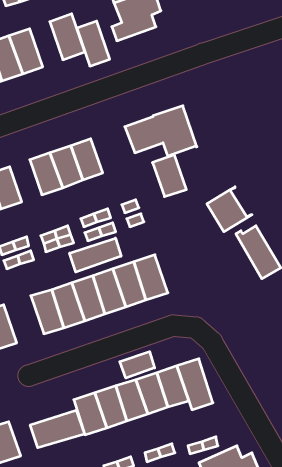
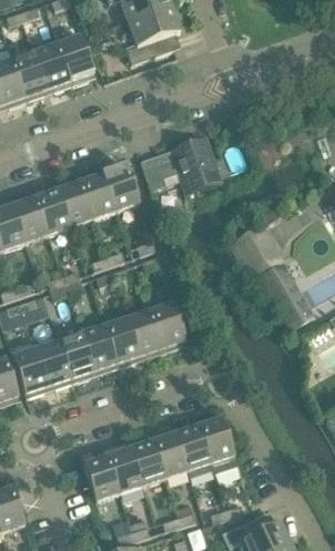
building: [77,21,110,66] -> [34,42,71,92]
building: [152,155,186,197] -> [102,163,140,210]
building: none -> [12,195,48,242]
building: [70,238,121,272] -> none
building: none -> [12,346,50,396]
building: [120,352,155,378] -> none
building: [30,410,85,448] -> none

